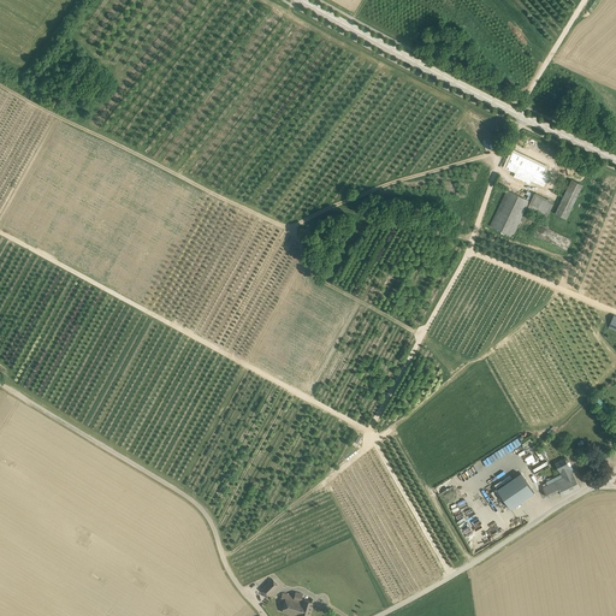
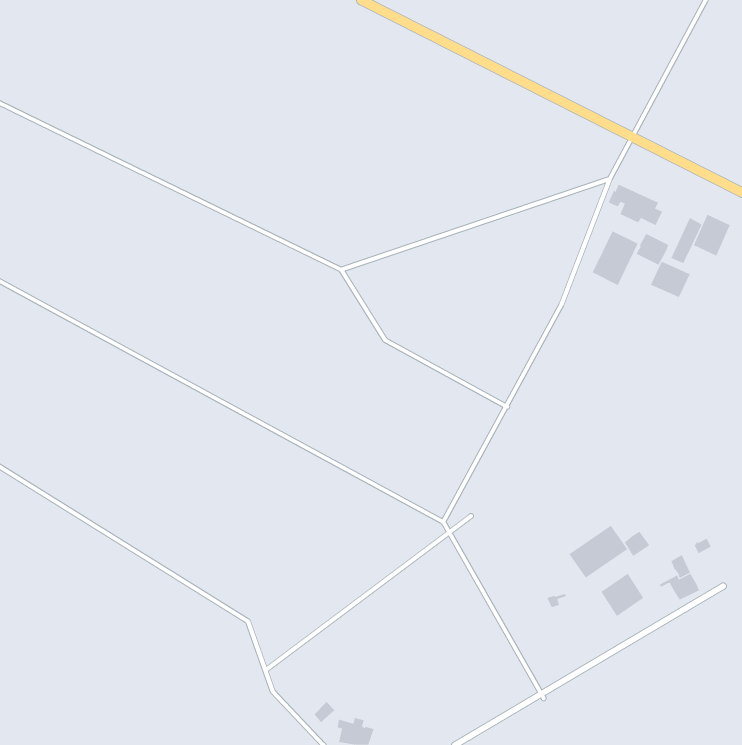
building: none -> [693,214,731,256]
building: none -> [650,261,690,298]
building: none -> [568,525,628,579]

